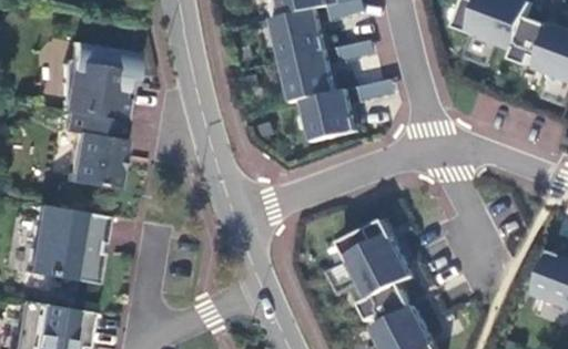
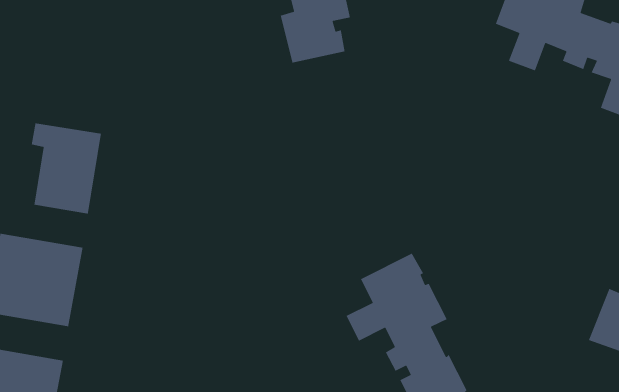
building: [58,40,133,119] -> none
building: [282,48,363,141] -> none

